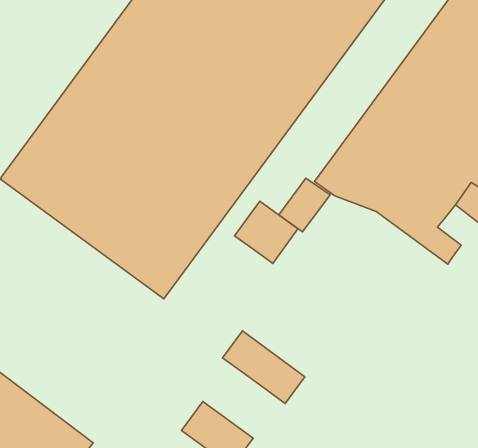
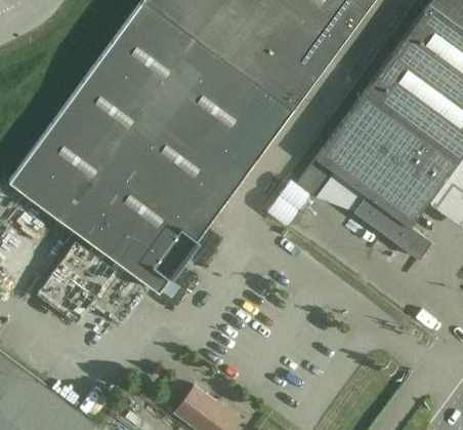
building: [235,201,298,263] -> none
building: [223,331,305,404] -> none

